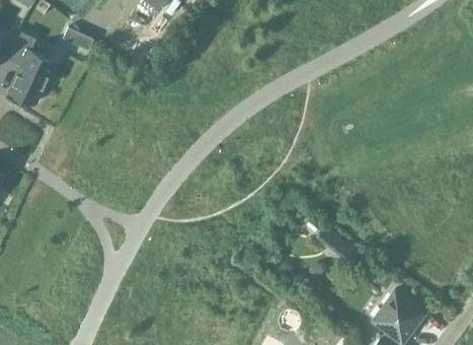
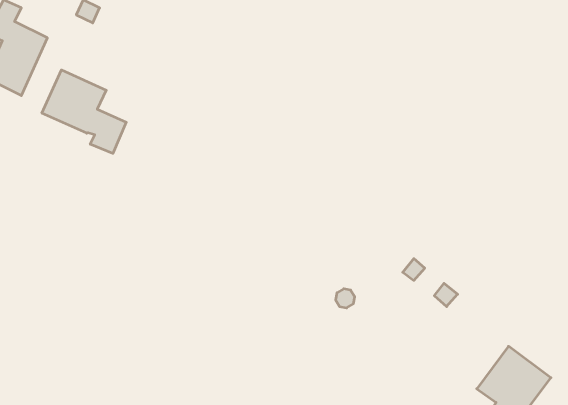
building: none -> [42,70,126,153]

